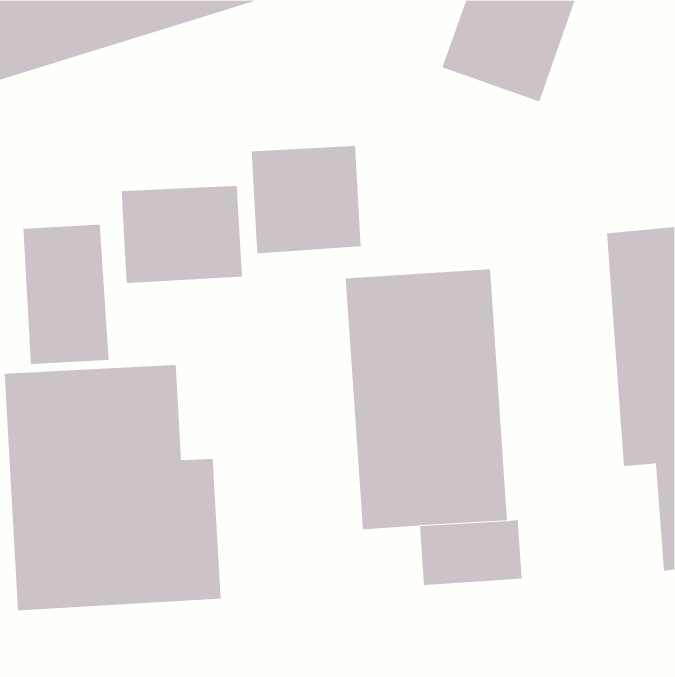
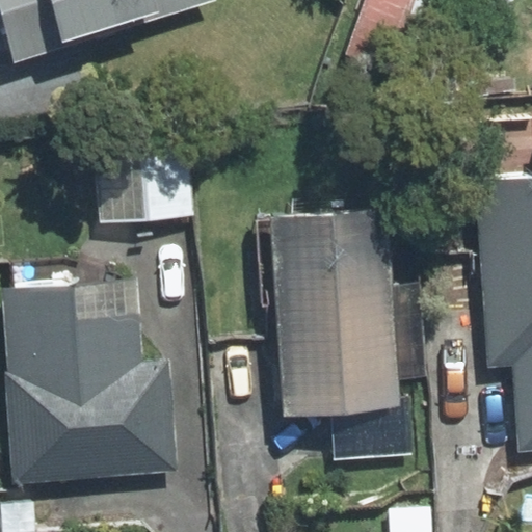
building: [251,145,361,254] -> none
building: [23,224,109,365] -> none

